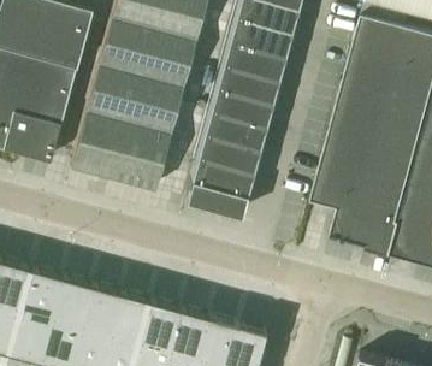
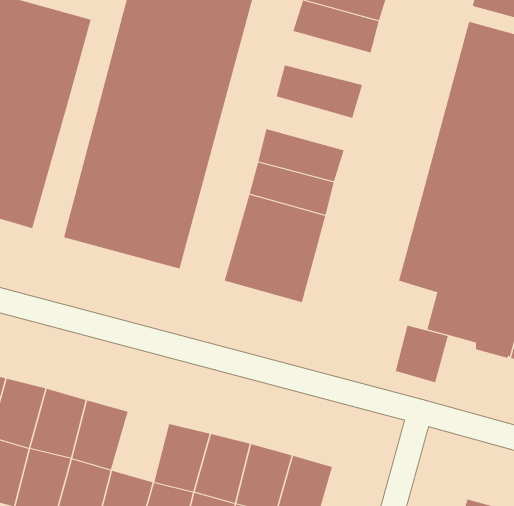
building: [229,23,291,61] -> none
building: [215,70,278,108] -> none
building: none -> [395,325,448,383]
building: [105,296,146,347] -> none

